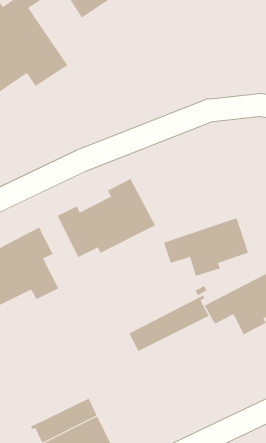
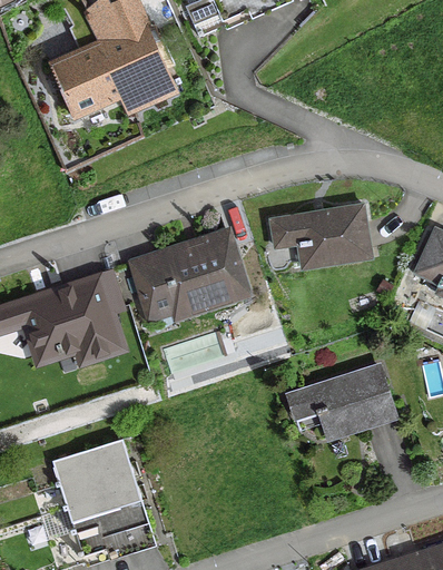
building: [163,217,249,277] -> [270,205,368,266]
building: [129,294,210,352] -> none
building: none -> [51,438,136,503]

